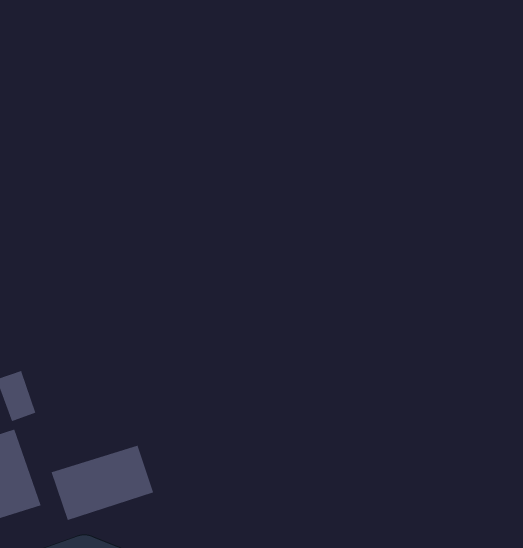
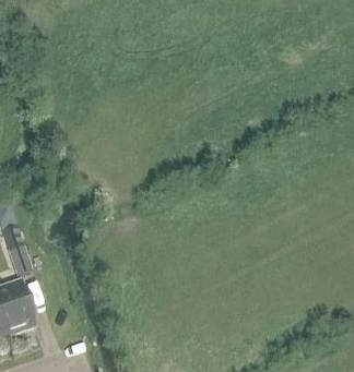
building: [51,445,154,521] -> none

